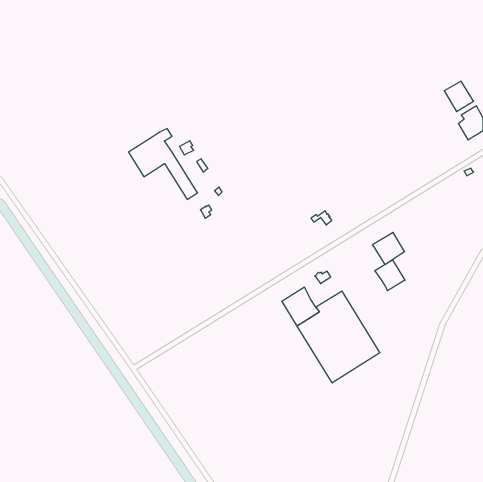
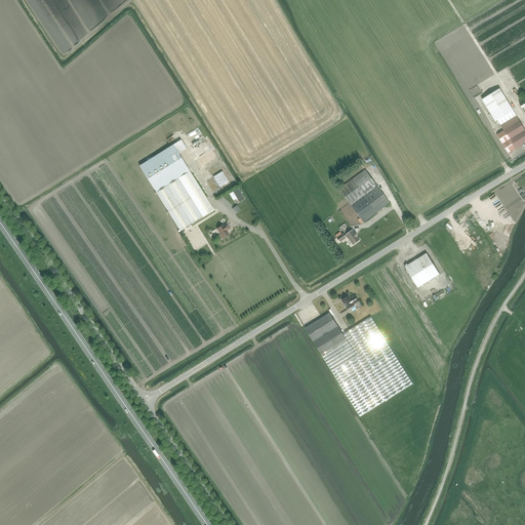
building: none -> [339,169,390,223]
building: none -> [156,177,203,231]
building: [375,260,405,291] -> none

